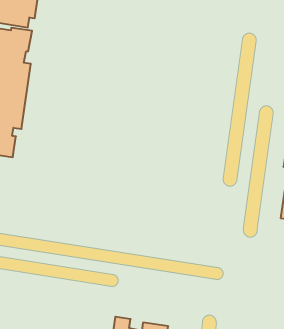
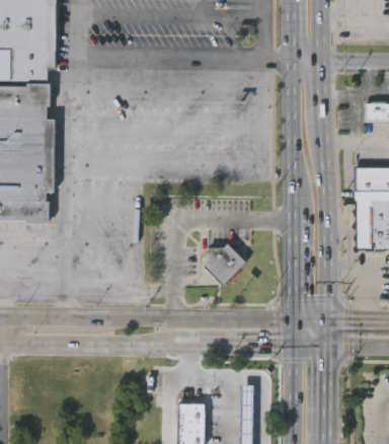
building: none -> [210,245,251,287]

